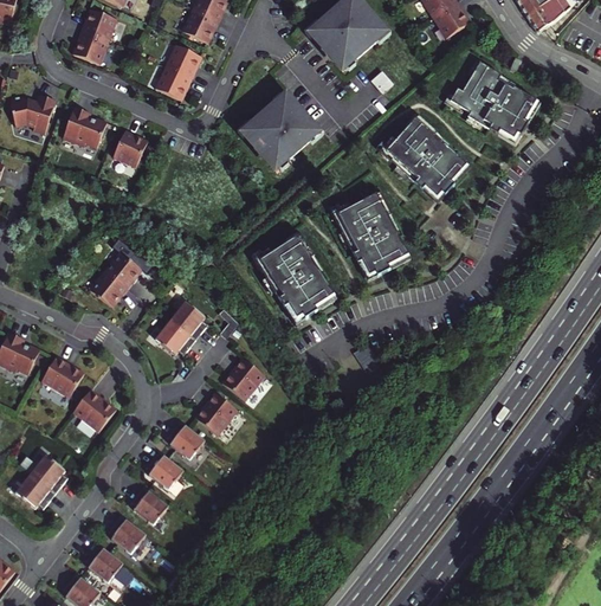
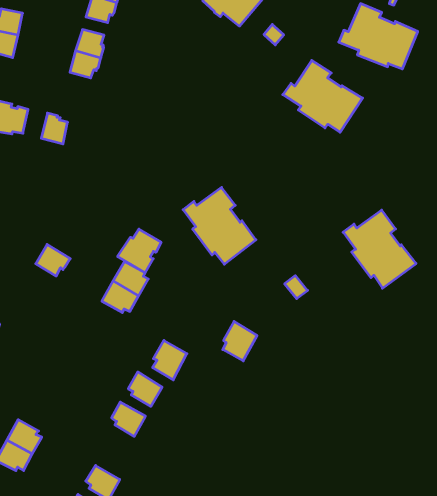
building: [243,98,317,169] -> none
building: [335,191,408,275] -> [343,210,416,288]
building: [104,251,138,289] -> none
building: none -> [118,229,161,273]
building: [41,355,83,397] -> none
building: [225,356,264,400] -> [223,321,257,361]
building: [72,389,114,432] -> none
building: [130,485,168,524] -> none

